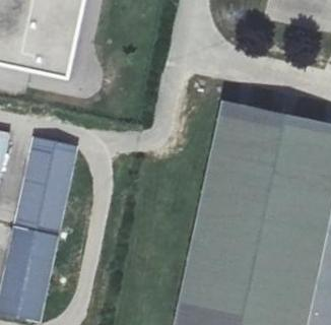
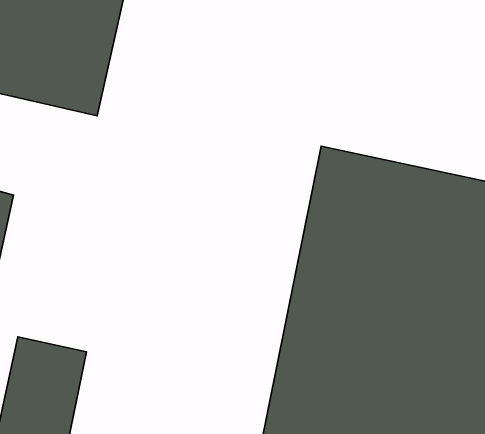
building: [15,136,81,234] -> none

